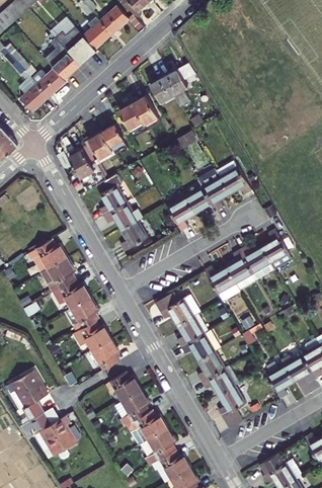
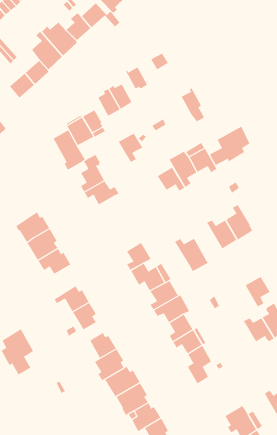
building: [163,66,189,104] -> [181,87,205,122]
building: none -> [209,126,250,166]
building: [166,197,194,231] -> [118,133,143,163]
building: [119,220,148,251] -> [126,242,152,271]
building: [226,249,257,290] -> none
building: [64,296,97,331] -> none
building: [265,364,294,399] -> [245,276,270,307]
building: [30,410,76,452] -> none

